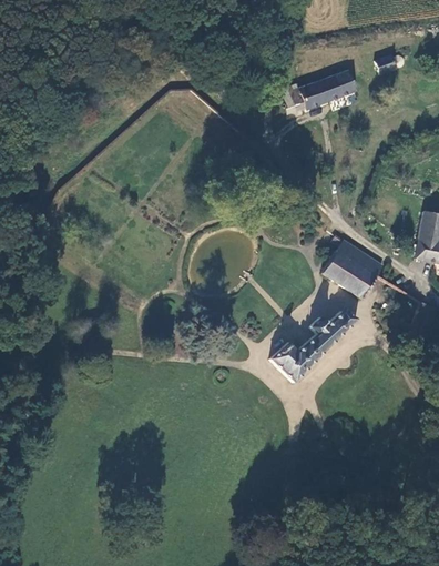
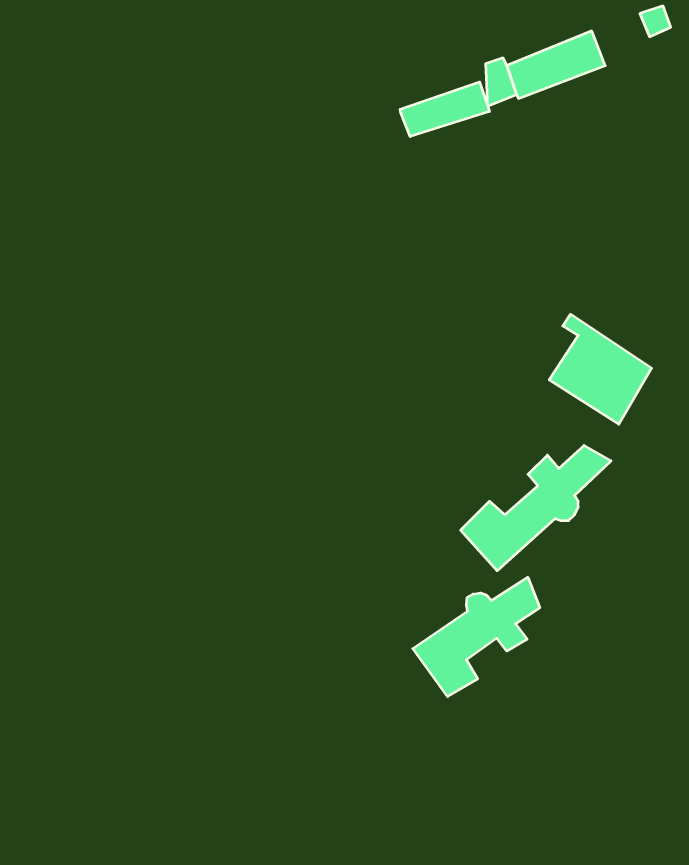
building: none -> [400,82,489,137]
building: none -> [413,577,540,697]

